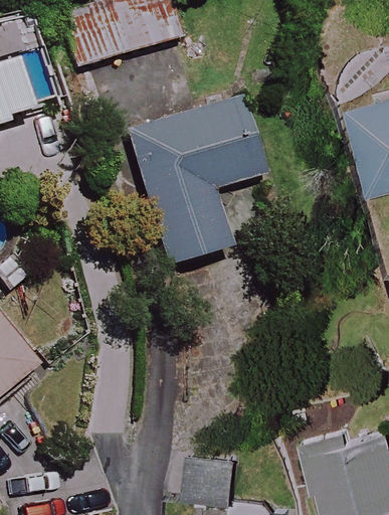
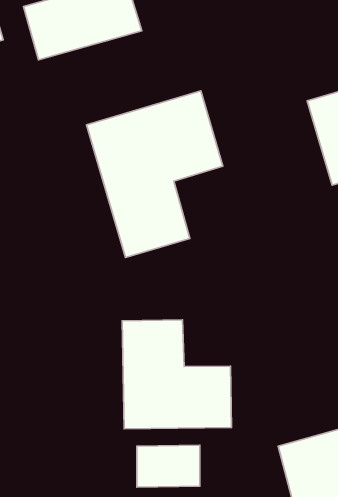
building: none -> [122,320,232,429]

